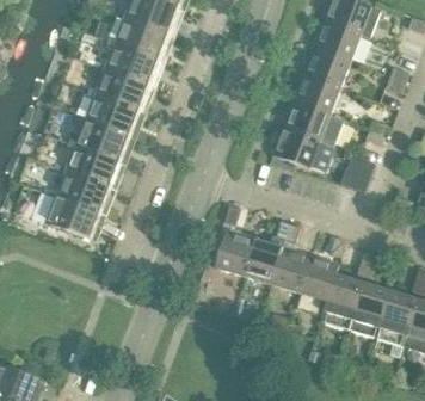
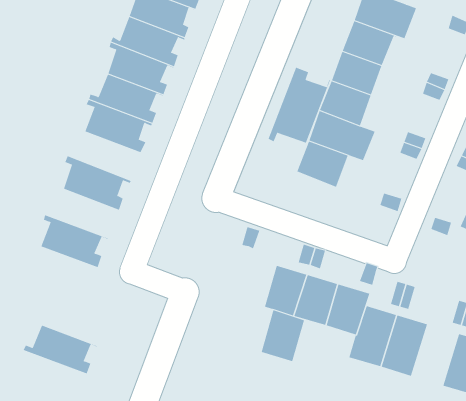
building: none -> [268,67,331,144]
building: [69,118,135,162] -> none
building: [49,169,116,214] -> [23,325,98,374]
building: [216,228,255,274] -> [261,309,305,362]
building: [376,290,418,345] -> none

